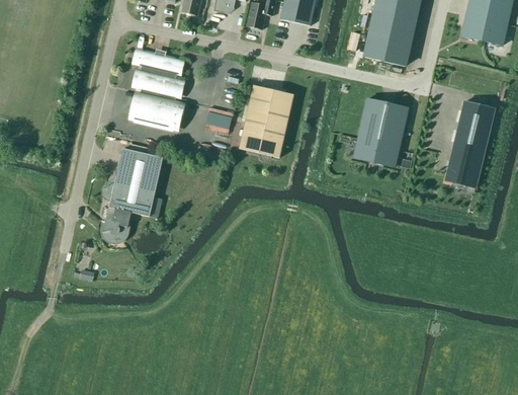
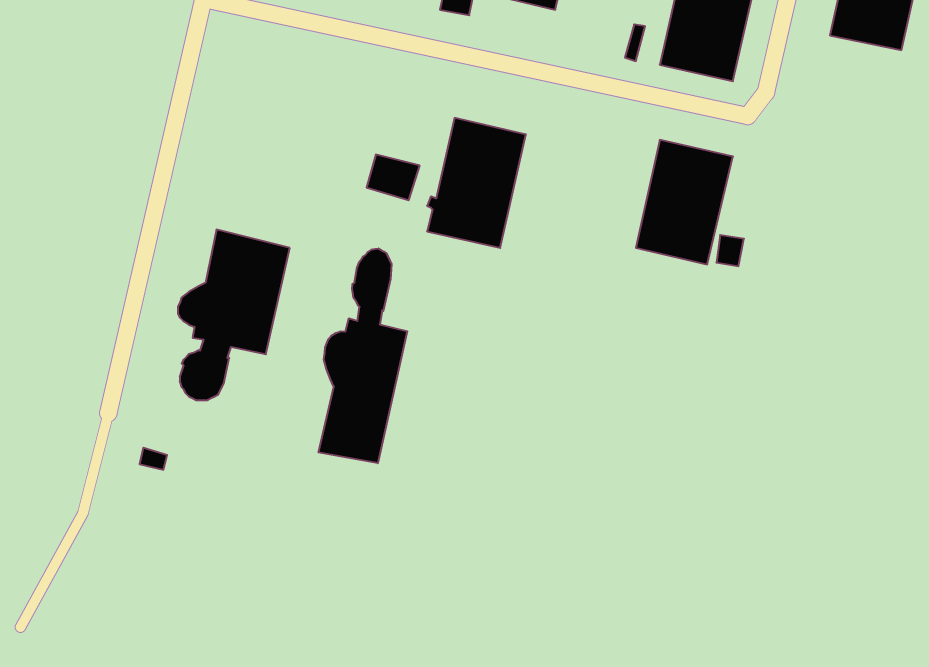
building: [133,50,179,131] -> none
building: [444,100,494,187] -> none
building: none -> [319,248,407,463]

